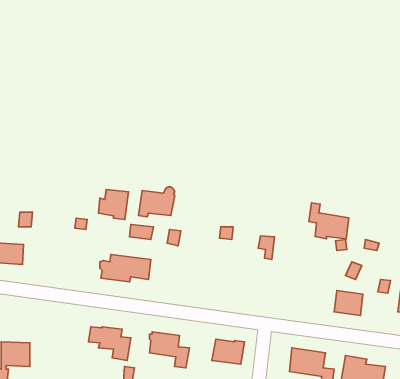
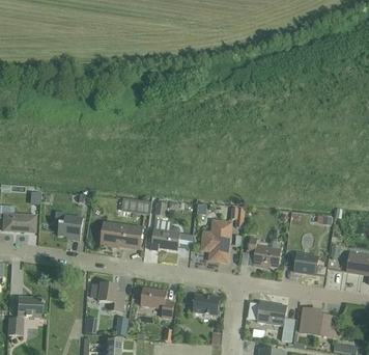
building: [138,187,175,217] -> [149,225,179,250]
building: [99,189,129,219] -> [57,215,82,240]
building: [309,203,349,239] -> [247,237,280,267]
building: none -> [201,220,230,262]

